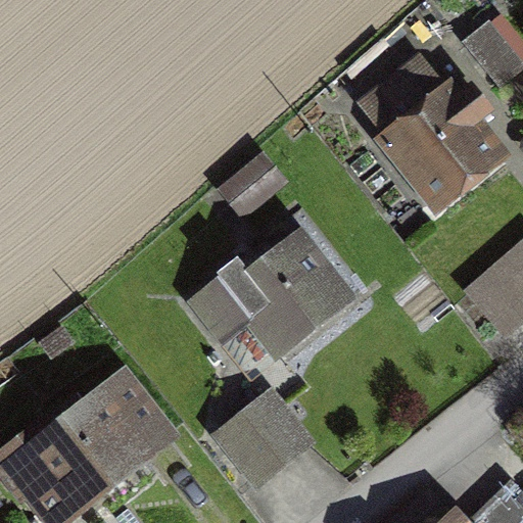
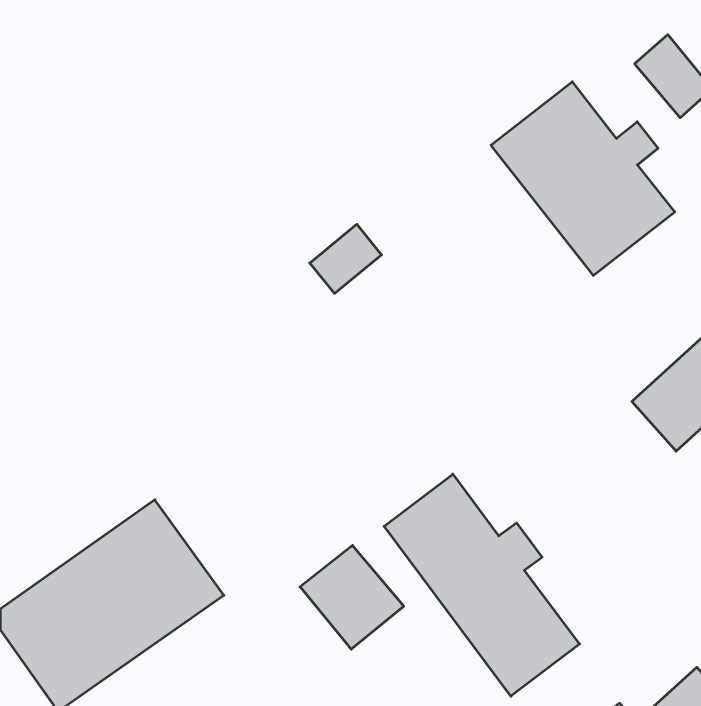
building: [198,240,344,353] -> none
building: none -> [384,474,580,696]

